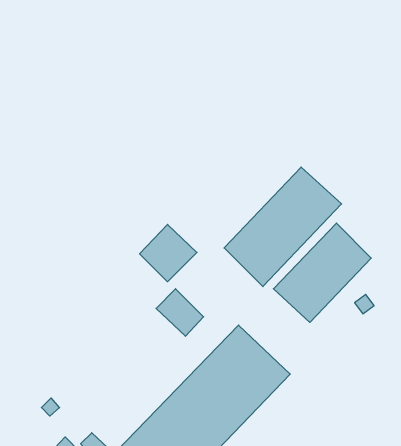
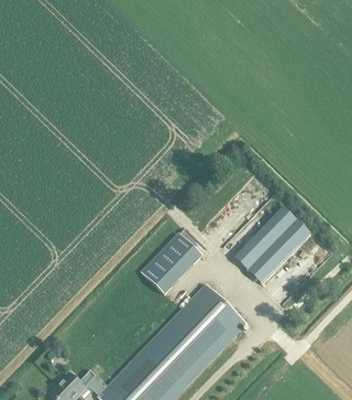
building: [224,167,342,287] -> none
building: [140,224,197,282] -> [156,233,201,278]

